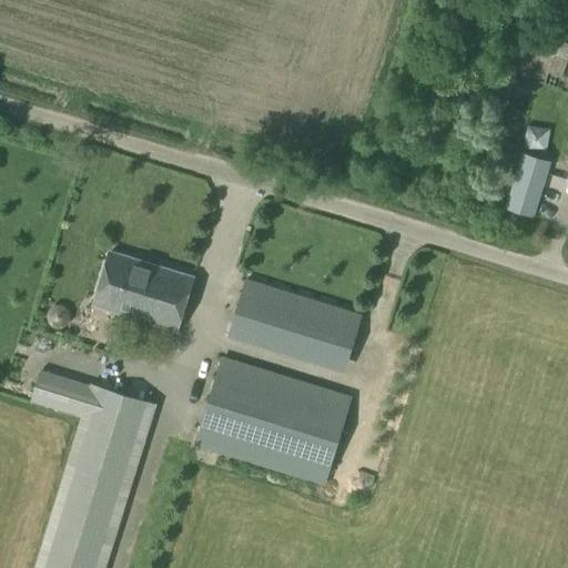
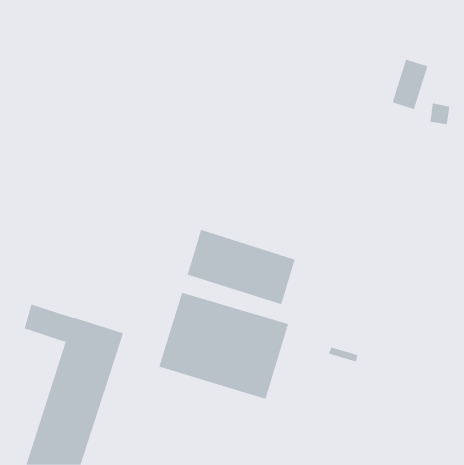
building: [507,154,551,216] -> [392,59,428,110]
building: [93,251,194,332] -> none

